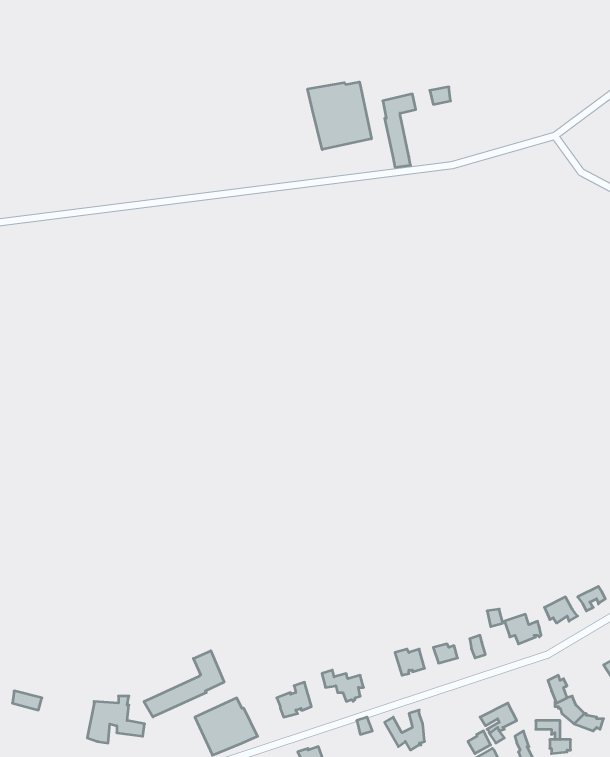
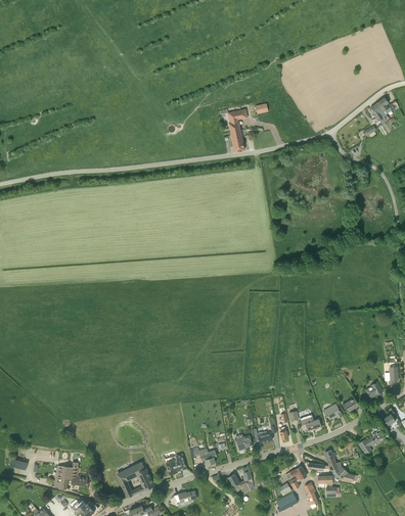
building: [308,82,371,150] -> none
building: [144,651,224,717] -> none

